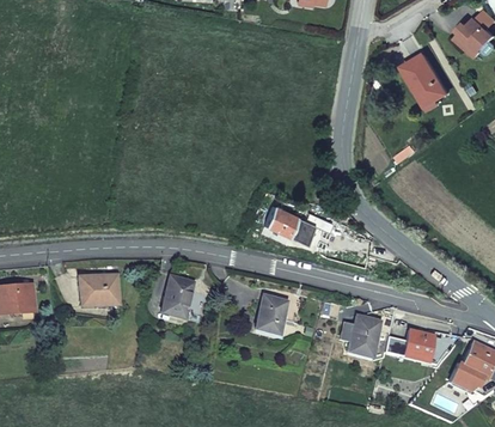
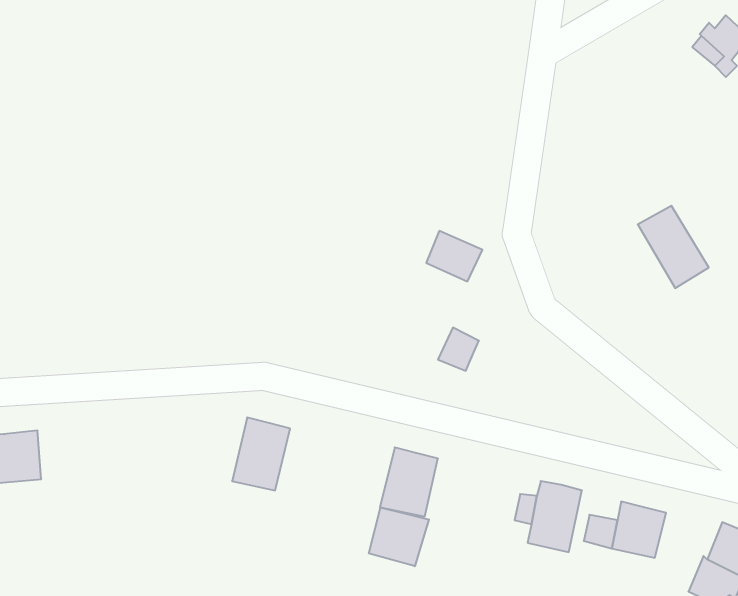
building: [402,54,447,106] -> [638,206,709,288]
building: [264,205,300,237] -> [426,231,482,281]
building: [79,273,120,309] -> none
building: none -> [369,507,429,566]

